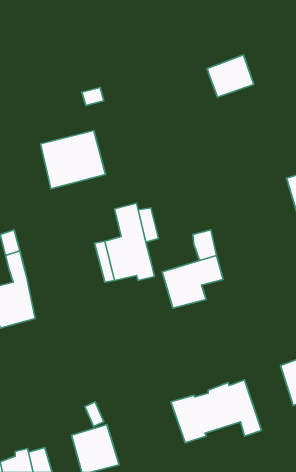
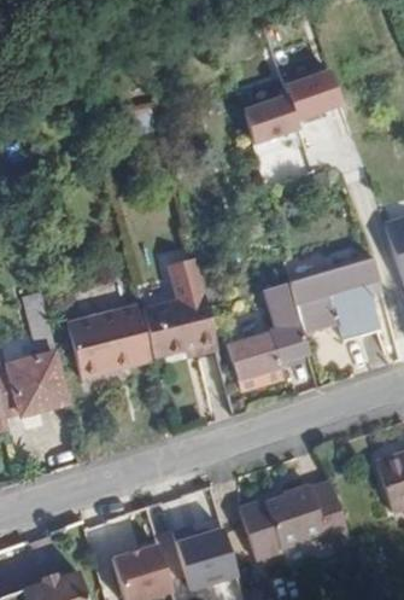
building: none -> [242,98,299,146]
building: [40,131,105,189] -> [68,305,150,379]
building: none -> [288,258,382,339]
building: none -> [175,523,235,587]

